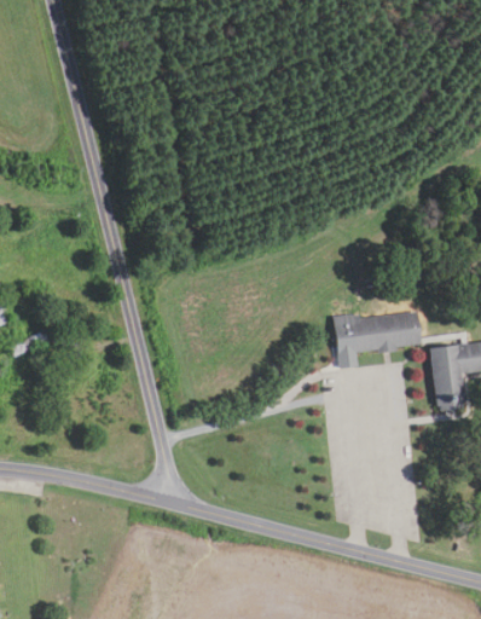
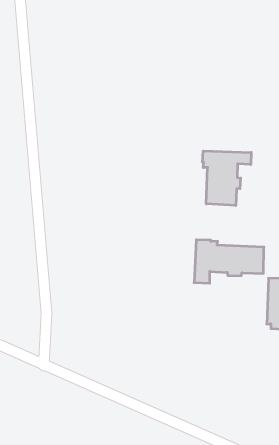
building: none -> [203,151,251,206]

